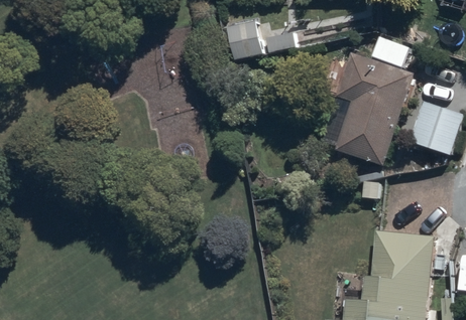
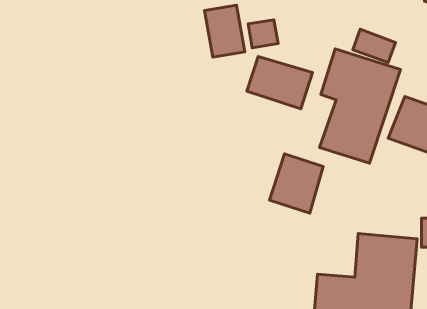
building: none -> [247,57,312,109]
building: none -> [269,154,323,213]

